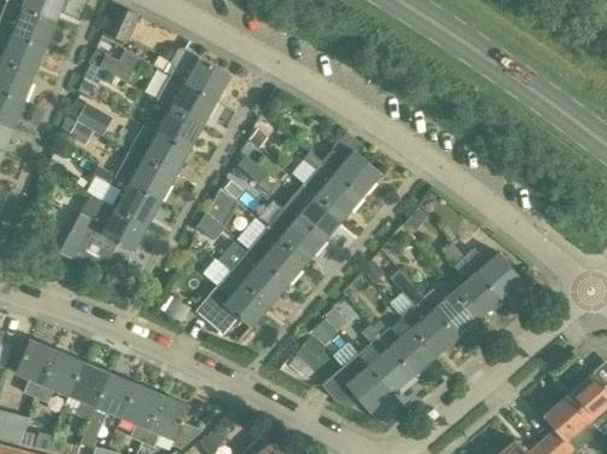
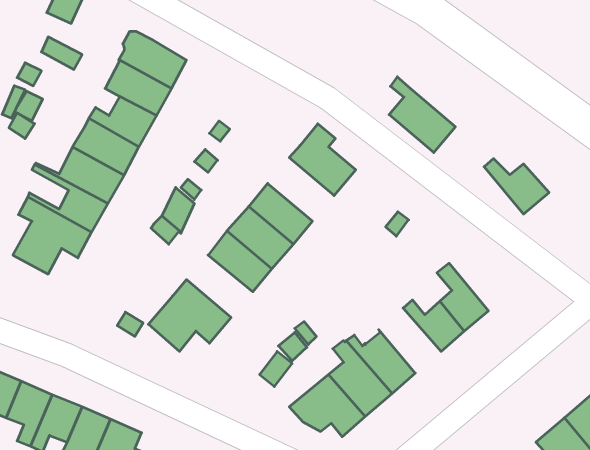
building: [302,151,361,219] -> [389,77,455,153]
building: [229,249,288,305] -> none
building: [464,249,522,299] -> [484,159,549,214]
building: [389,270,457,355] -> none

